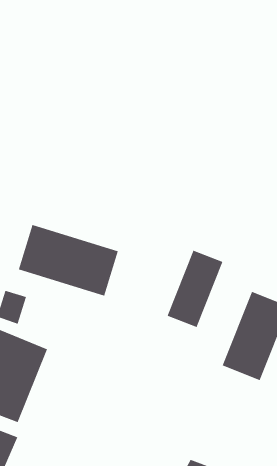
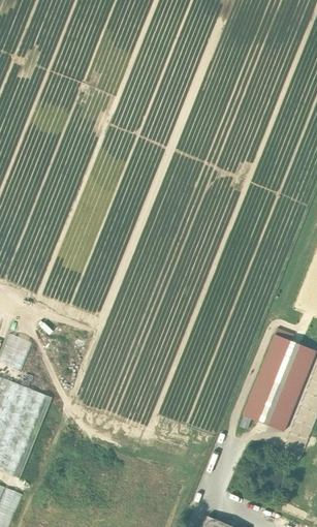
building: [18,224,119,297] -> none
building: [167,250,223,328] -> none

